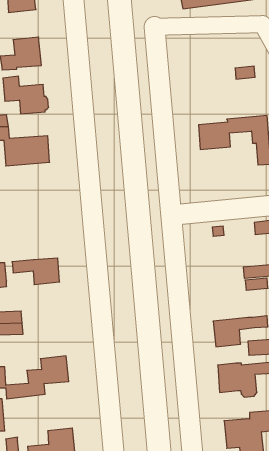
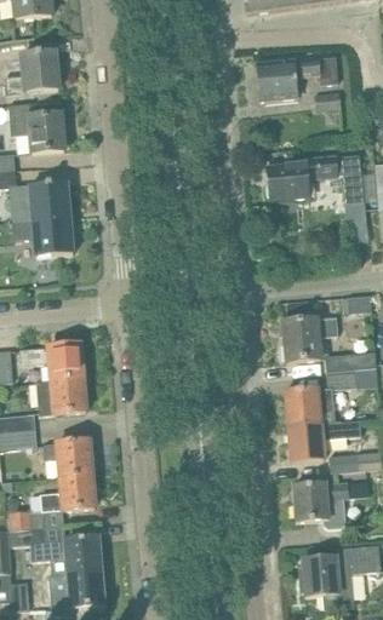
building: none -> [256,56,338,101]
building: none -> [12,217,74,257]
building: none -> [284,317,338,362]
building: none -> [36,375,87,415]
building: none -> [285,389,333,427]
building: none -> [42,440,92,477]
building: none -> [13,524,101,573]

